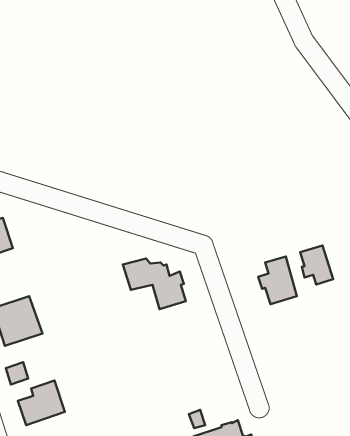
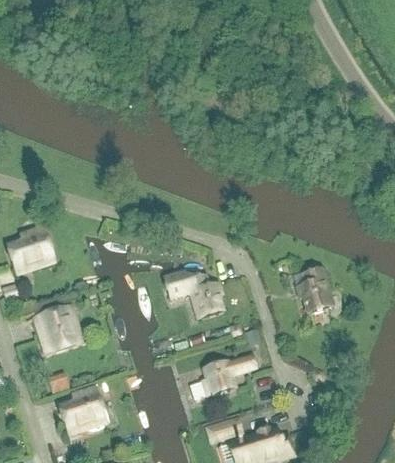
building: [300,246,333,284] -> none
building: none -> [203,354,256,394]

